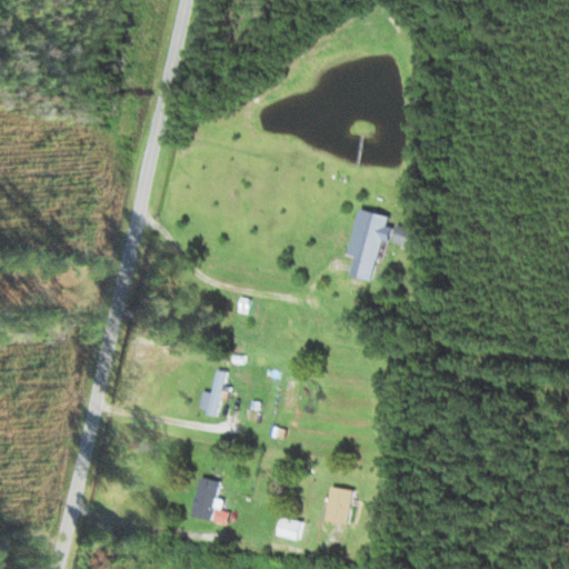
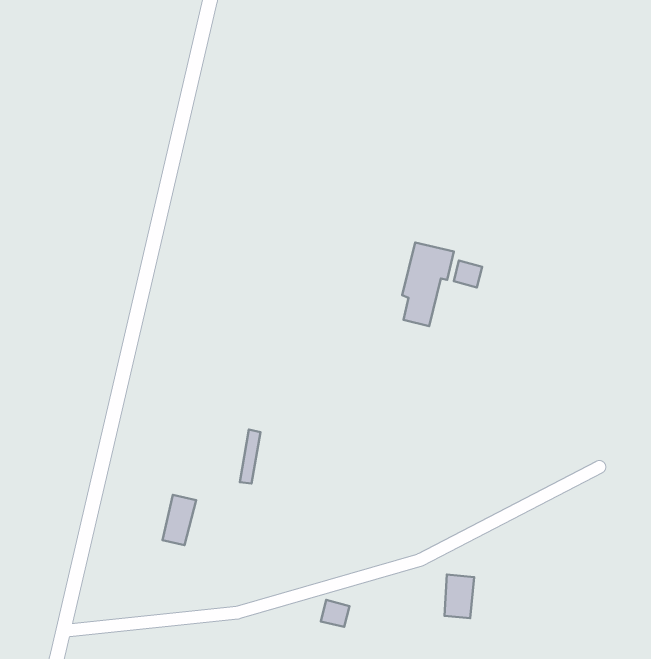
building: [190,478,219,521] -> [163,495,196,545]
building: [326,488,351,526] -> [444,574,474,618]

